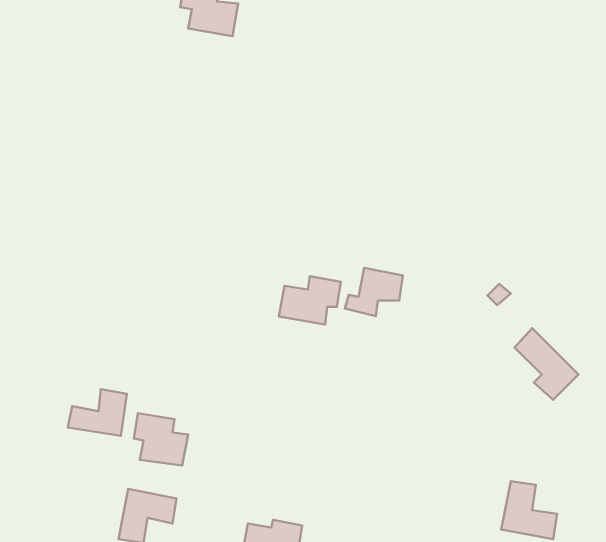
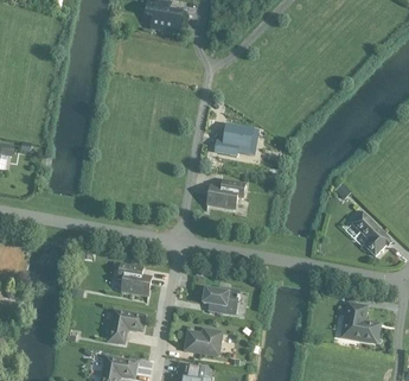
building: [345,268,403,316] -> [216,127,251,157]
building: [68,389,127,436] -> none
building: none -> [203,286,238,313]

